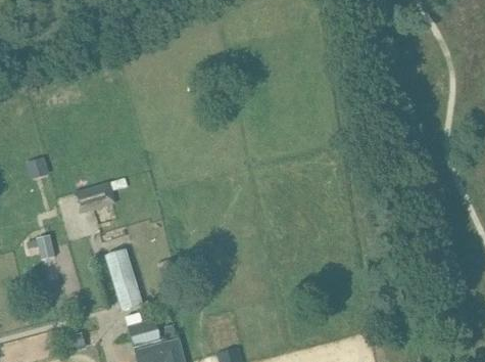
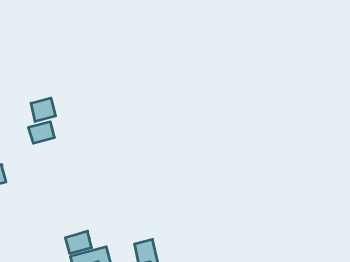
building: none -> [31,98,56,122]
building: [105,251,139,303] -> none

